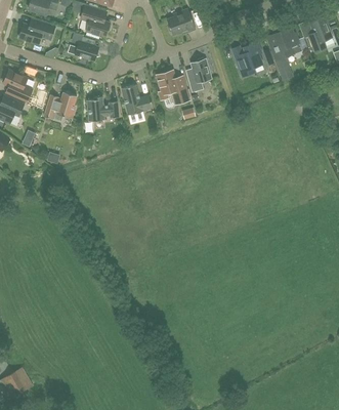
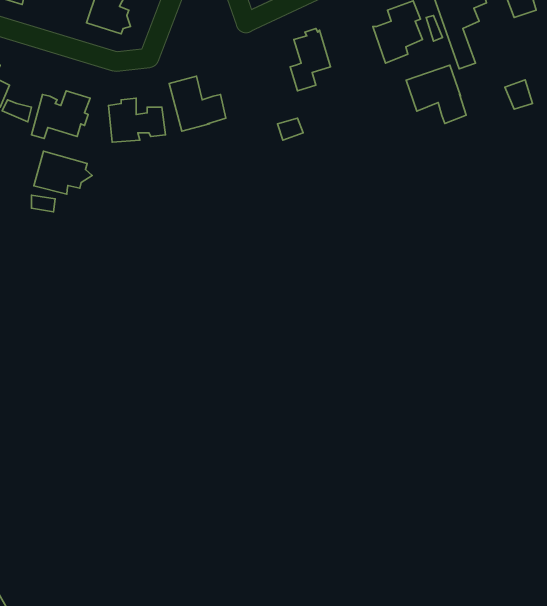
building: [157,70,188,102] -> none
building: none -> [406,65,466,124]
building: none -> [34,151,92,194]

